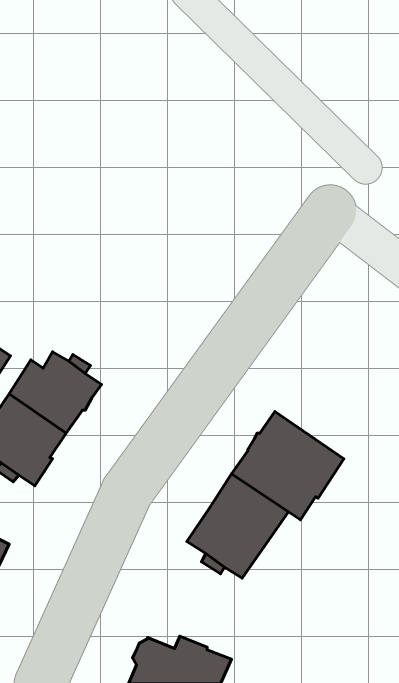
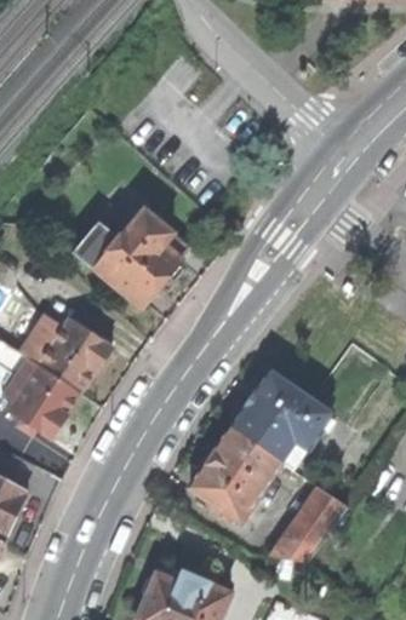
building: none -> [75,212,188,309]
building: none -> [268,488,344,563]

